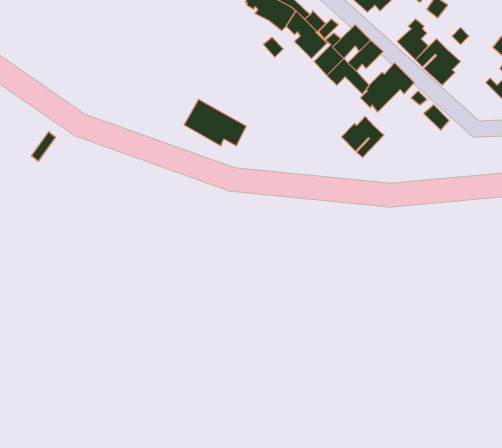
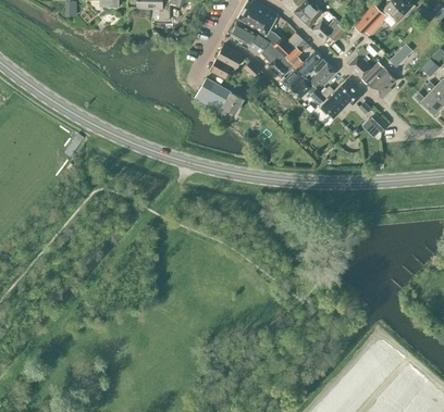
building: none -> [210,45,244,78]
building: [184,100,246,146] -> [196,77,244,113]
building: [342,117,384,158] -> none

